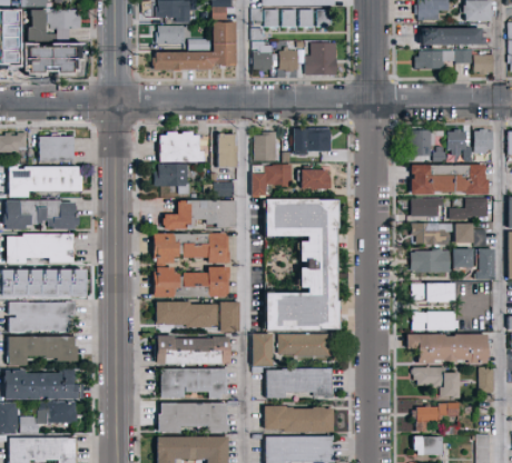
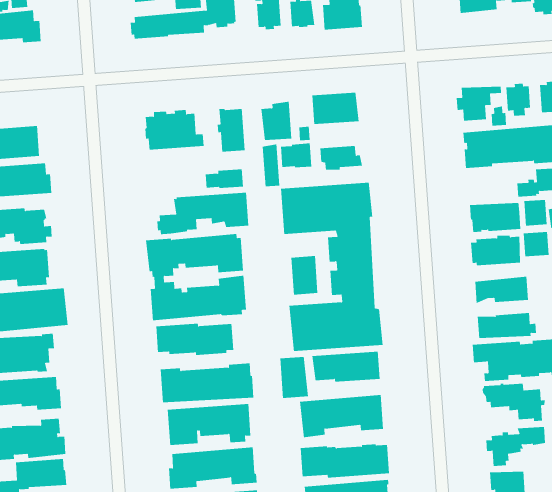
building: [155,164,190,194] -> none
building: [412,198,444,216] -> none
building: [220,302,240,332] -> [291,256,318,295]

